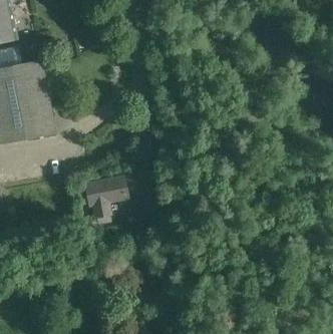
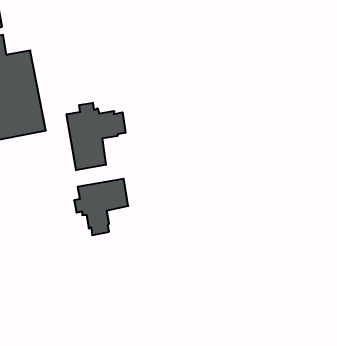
building: none -> [67,103,125,170]

